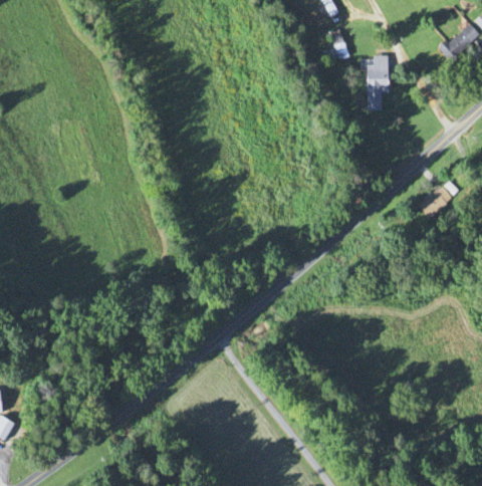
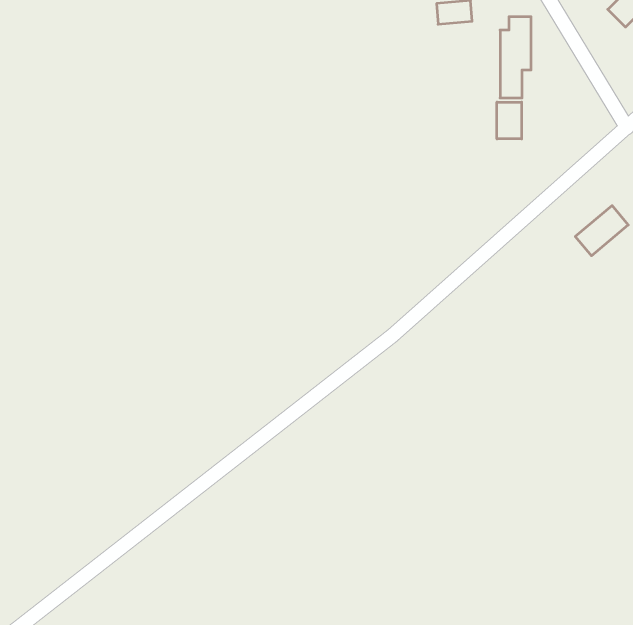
building: none -> [497,102,522,139]

